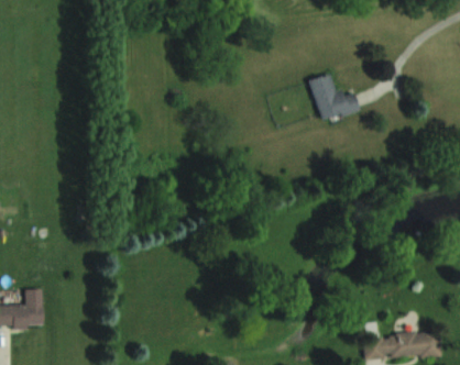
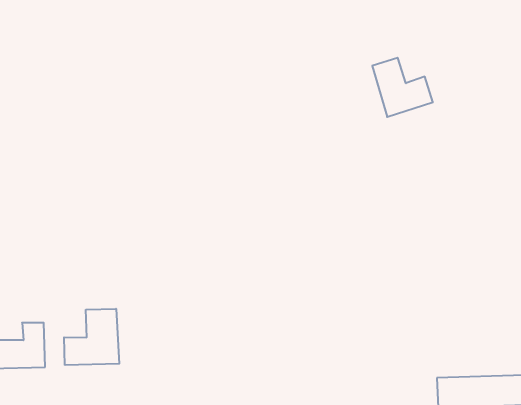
building: none -> [64,309,119,365]

